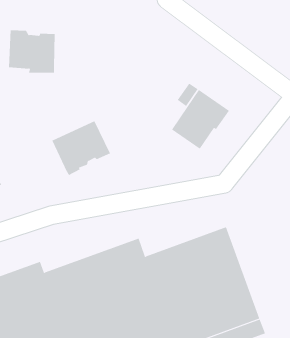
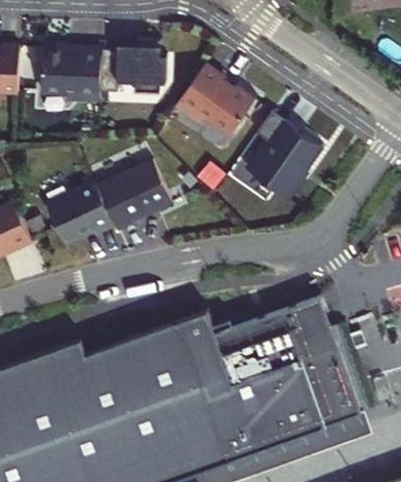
building: none -> [98,41,164,94]
building: none -> [173,66,253,136]
building: none -> [44,182,113,247]

